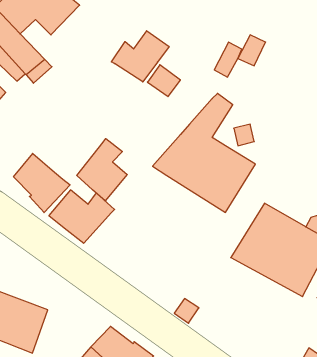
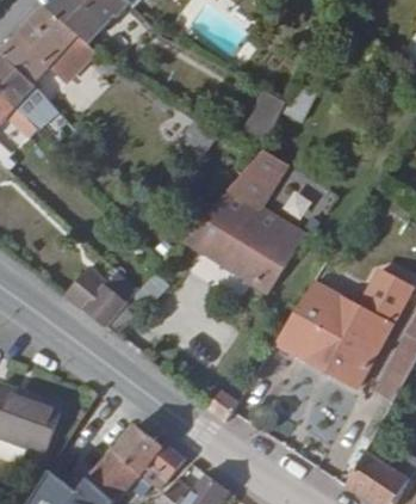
building: [111,31,169,82] -> none
building: [77,139,127,201] -> none
building: [14,153,70,213] -> none

